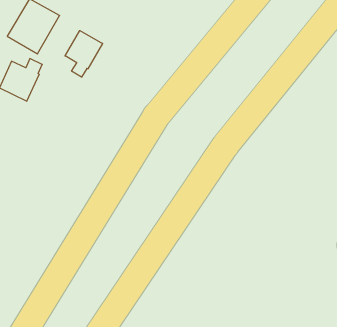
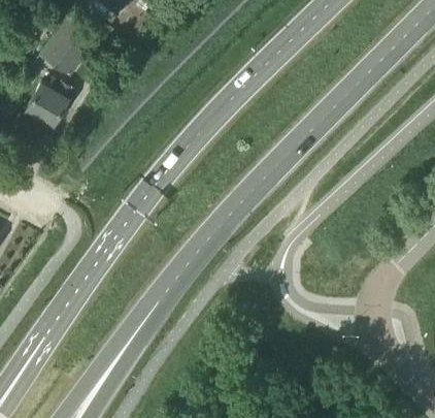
building: [65,31,103,77] -> none

